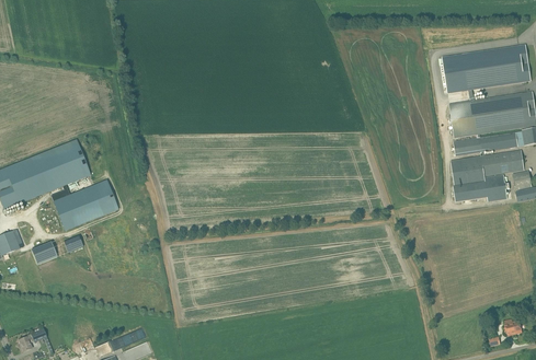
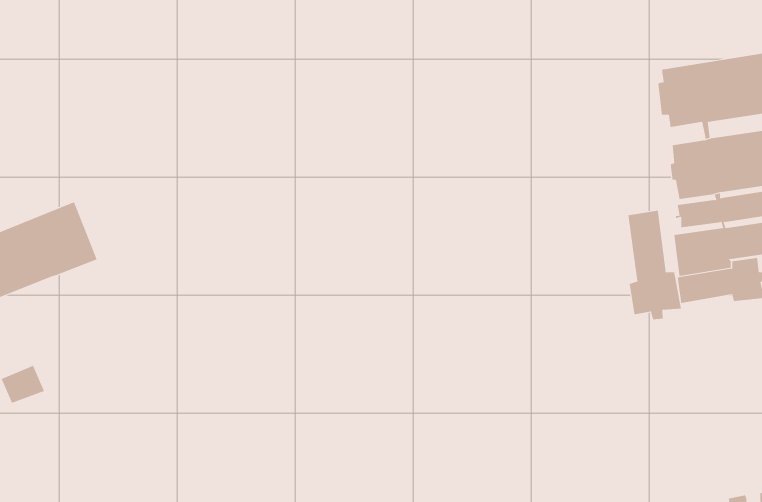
building: none -> [628,210,682,320]
building: [50,179,118,230] -> none

